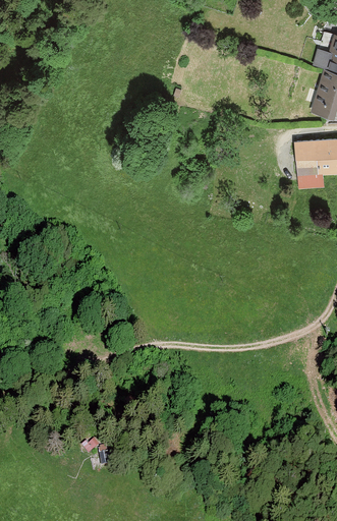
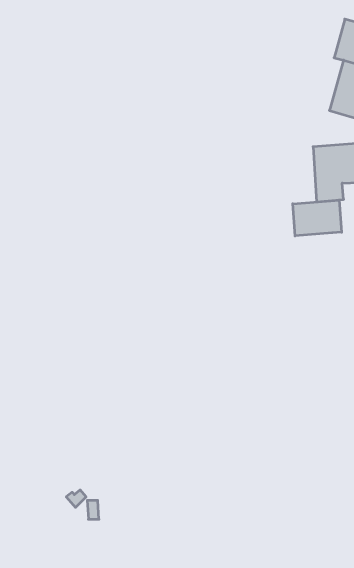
building: none -> [293,200,342,236]

